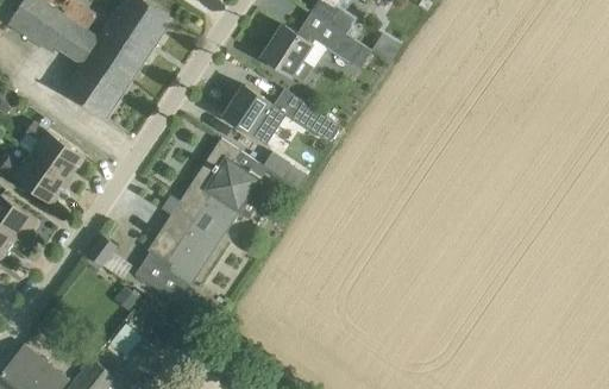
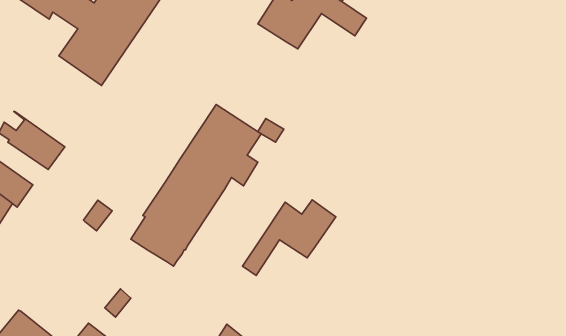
building: [224,86,339,144] -> none
building: [18,123,84,182] -> none
building: none -> [243,200,336,275]

